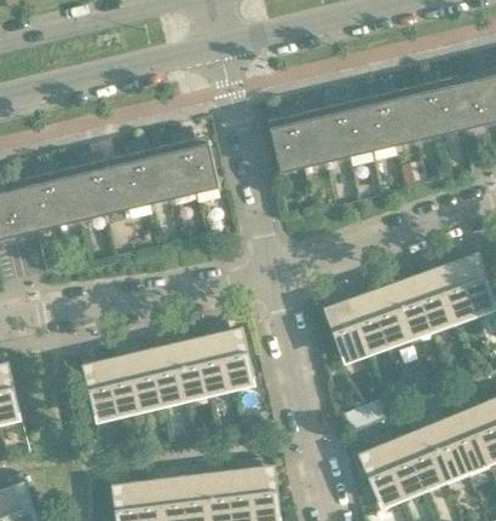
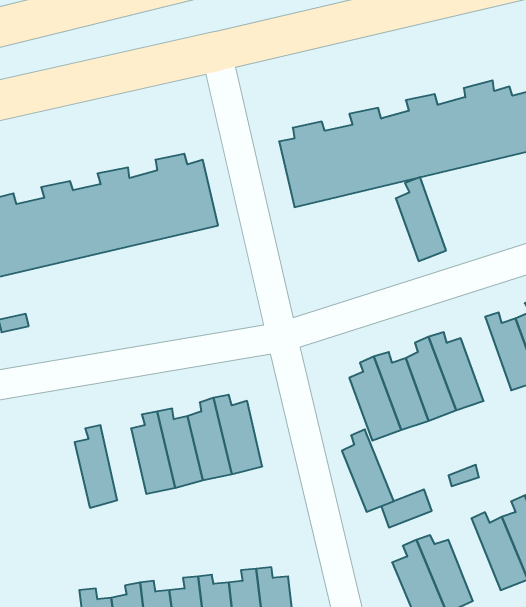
building: [413,265,452,331] -> [396,177,446,261]
building: [127,348,163,410] -> none
building: [80,359,119,422] -> none
building: [403,424,444,490] -> [342,429,394,512]

